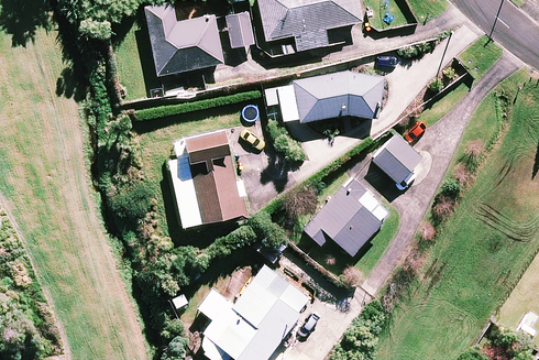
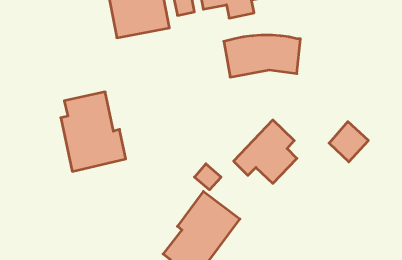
building: [169,129,250,227] -> [61,92,126,171]
building: [373,134,421,184] -> [329,122,368,162]

